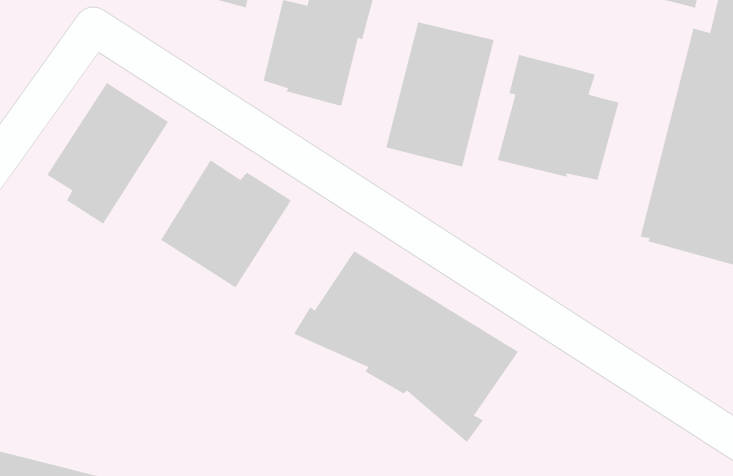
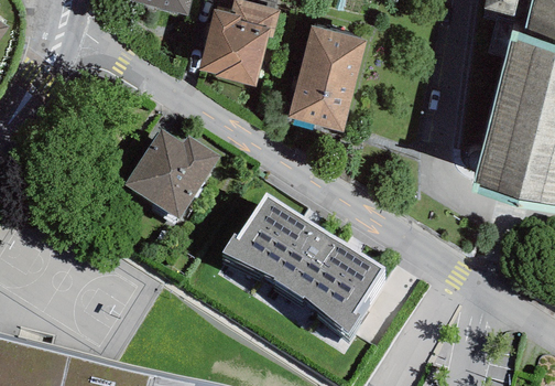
building: [497,54,619,181] -> none
building: [47,82,169,225] -> none

